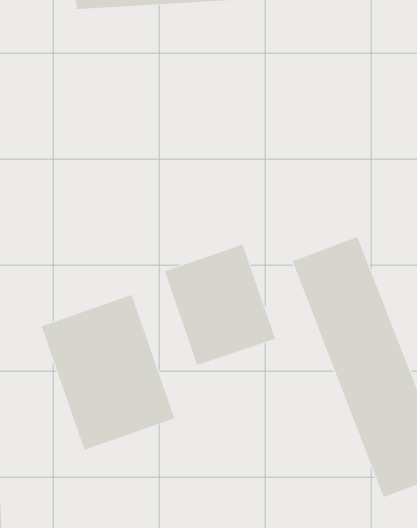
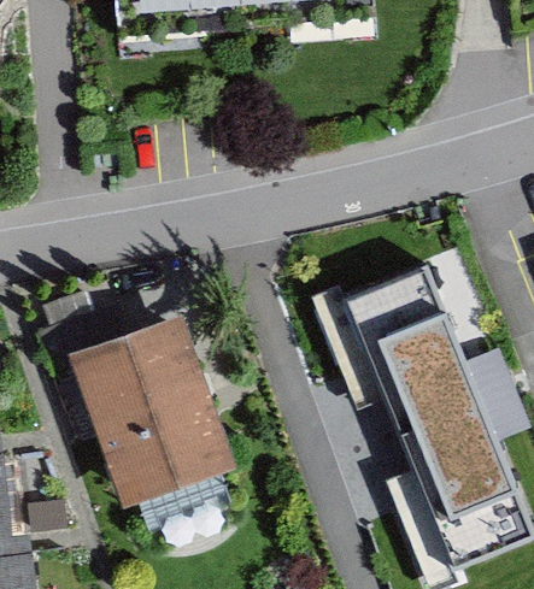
building: [164,244,276,366] -> none

